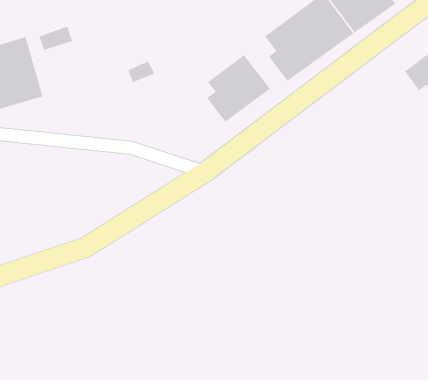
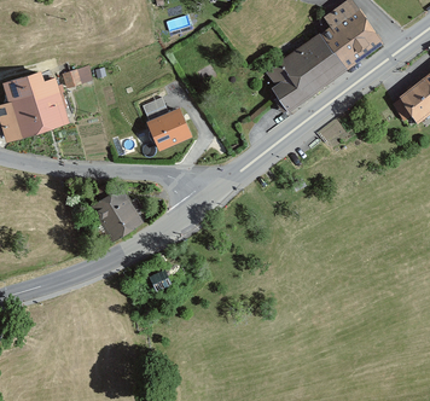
building: [206,54,271,123] -> none
building: none -> [146,109,191,151]
building: none -> [92,188,141,239]

